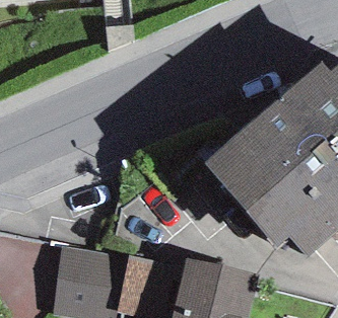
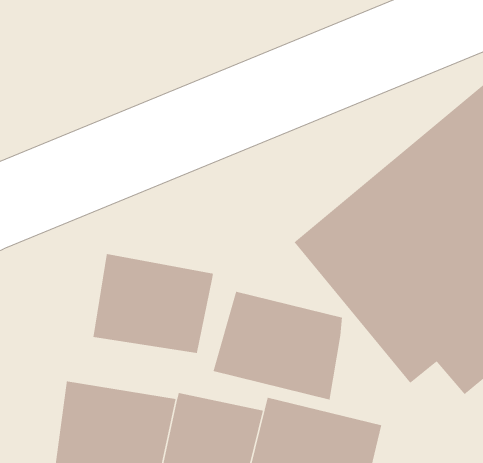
building: none -> [92,253,214,354]
building: none -> [212,291,343,400]

